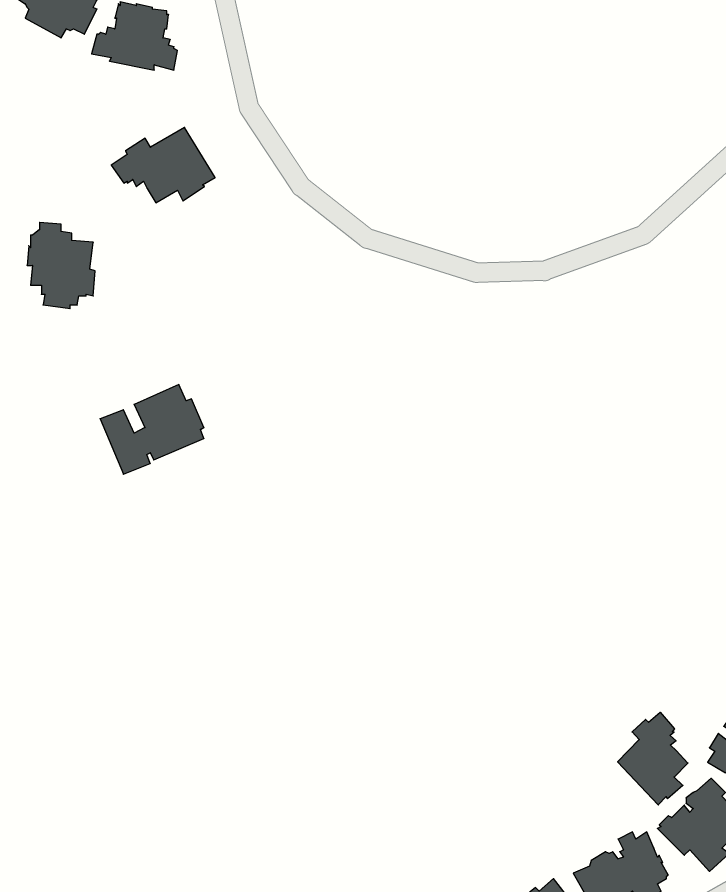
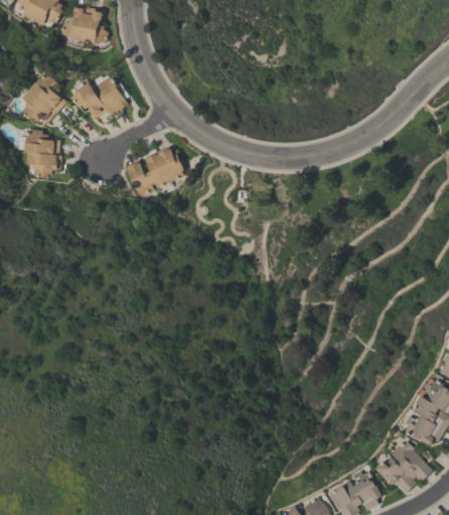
building: none -> [20,72,65,124]
building: [100,385,204,474] -> [125,146,183,196]
building: [618,712,688,805] -> none

